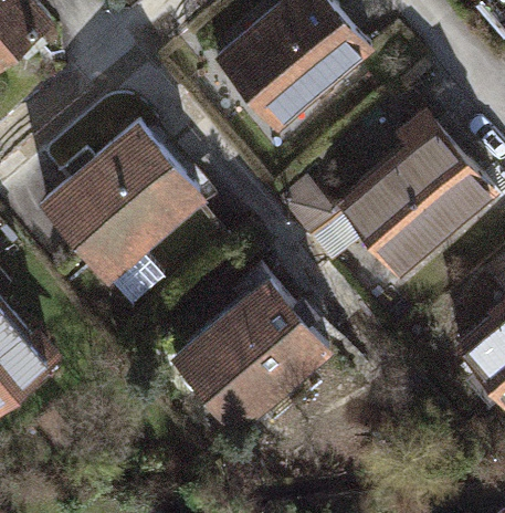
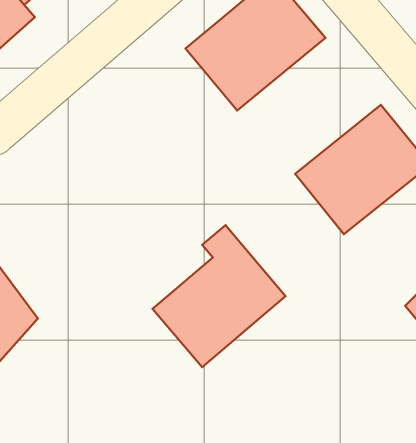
building: [45,130,196,276] -> none

